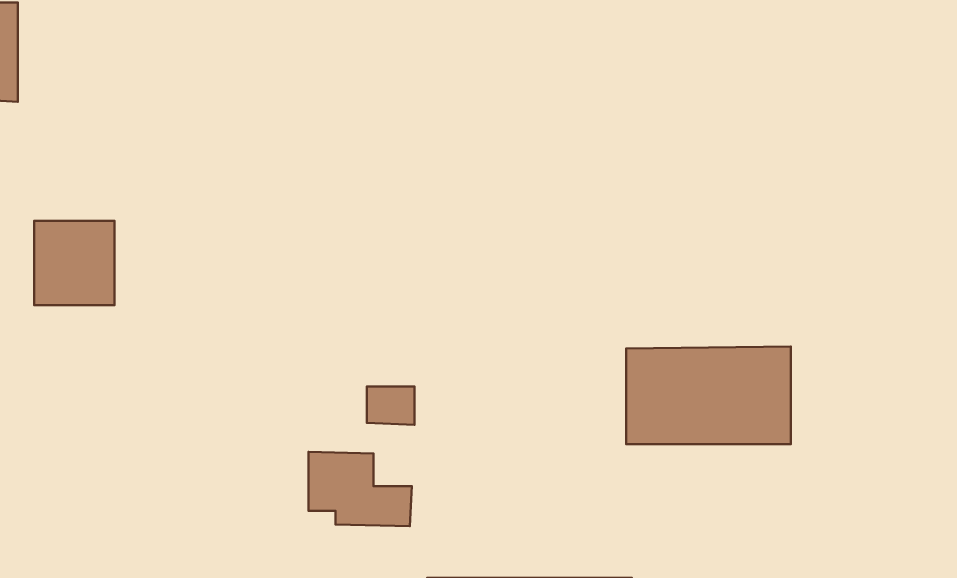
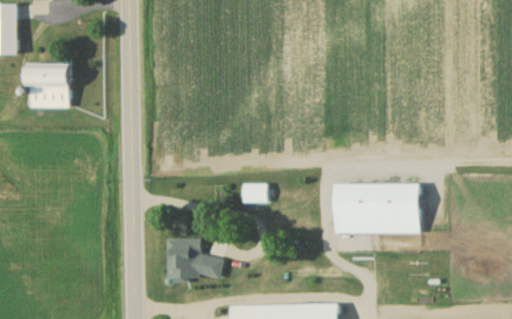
building: [34,221,114,305] -> [26,63,68,107]
building: [367,386,415,425] -> [243,183,268,203]

